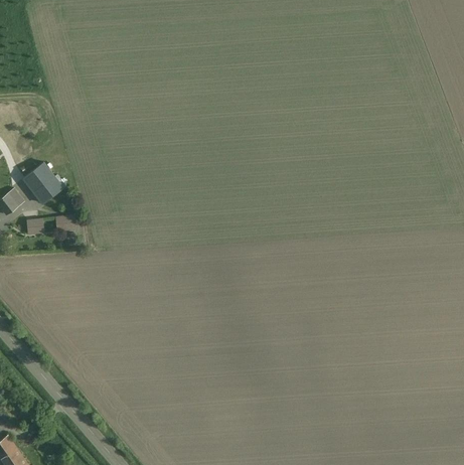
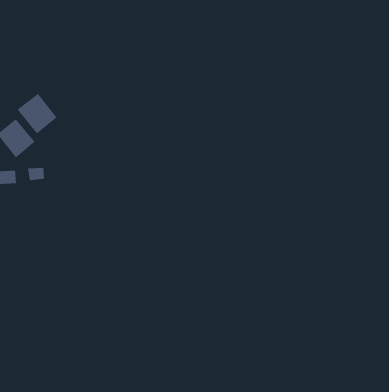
building: none -> [17,93,57,134]

